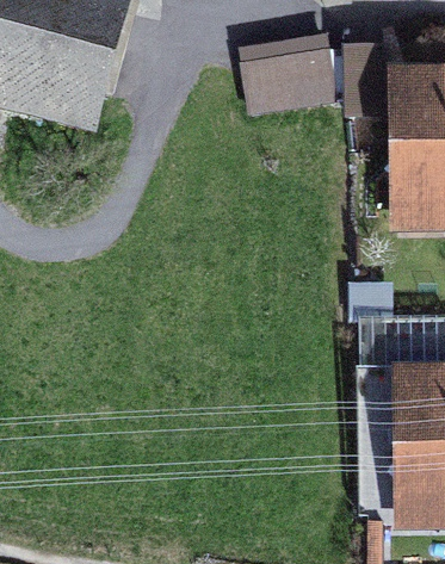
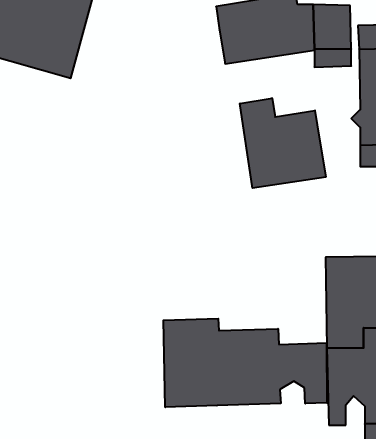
building: none -> [240,98,326,188]
building: none -> [163,319,327,407]

